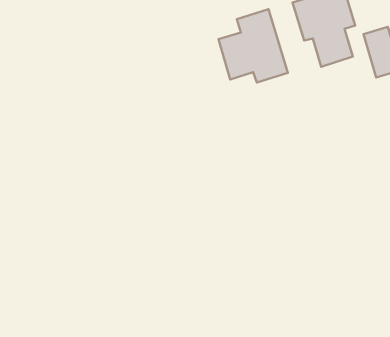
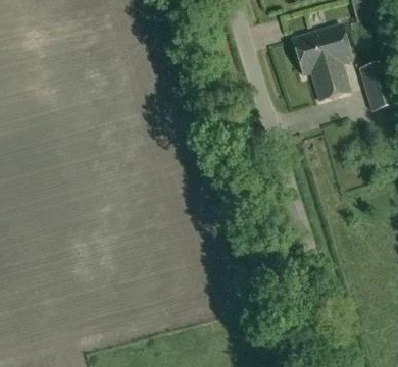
building: [218,9,288,82] -> none

